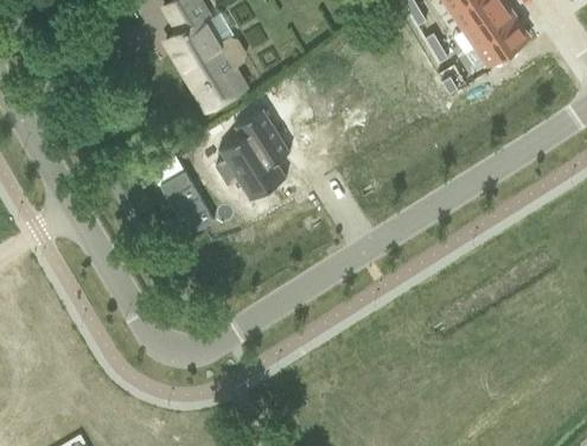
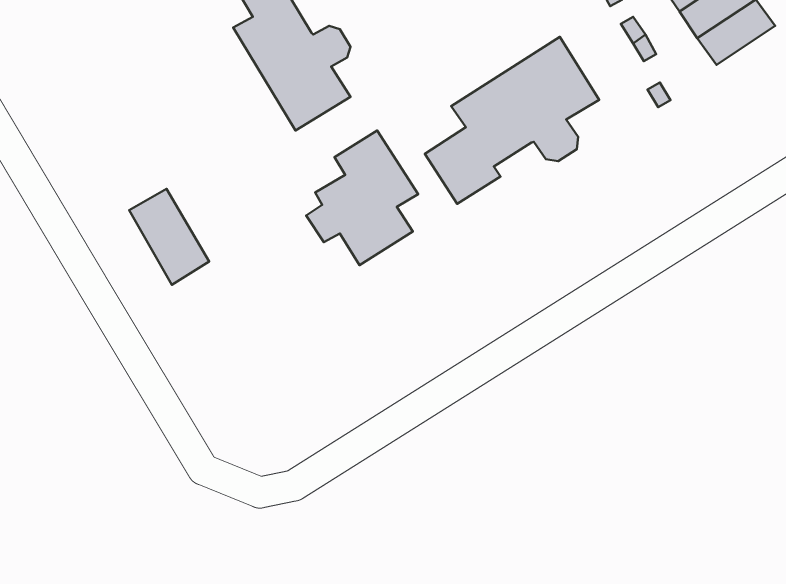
building: none -> [425,37,599,204]
building: [160,173,213,237] -> [129,189,209,285]

